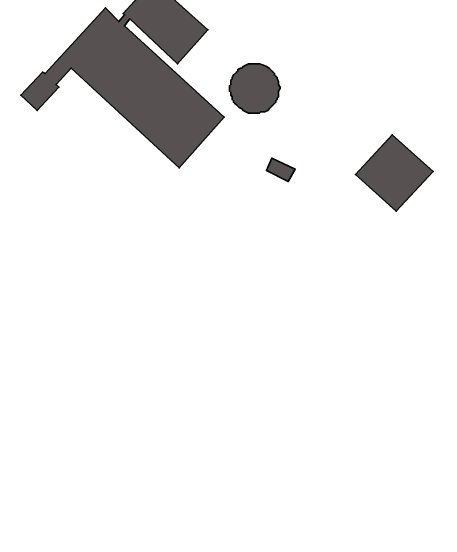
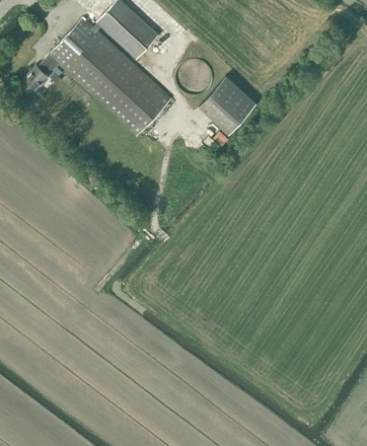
building: [355,135,433,211] -> [199,76,256,133]

